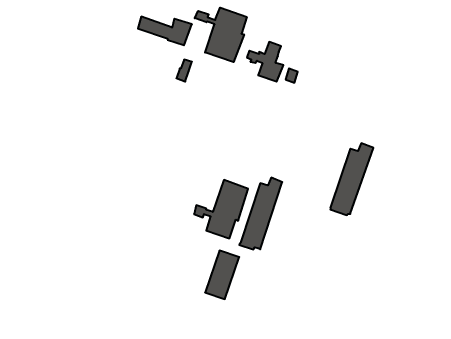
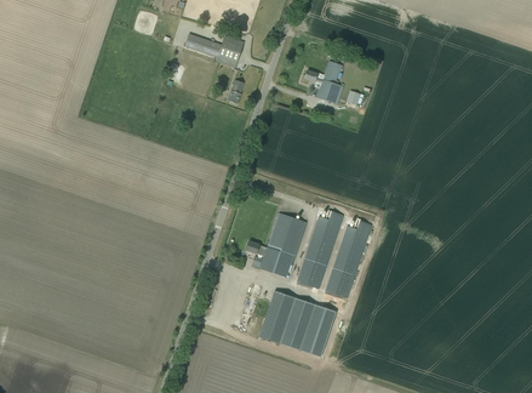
building: [195,8,247,62] -> none
building: [330,143,373,215] -> [325,218,372,297]
building: none -> [280,296,336,355]

